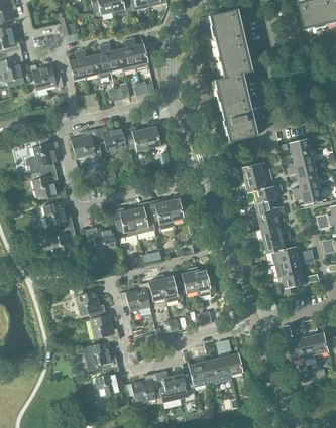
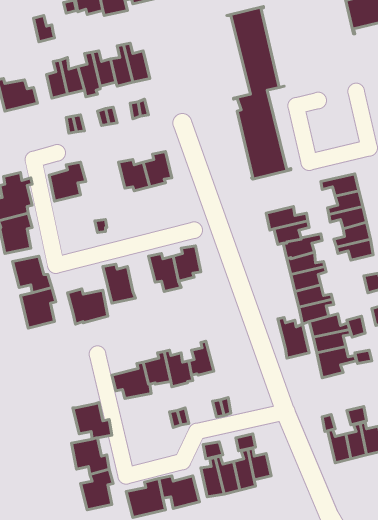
building: [95,126,126,151] -> none
building: [131,201,154,234] -> none
building: [192,266,216,297] -> [278,318,309,358]
building: [76,290,106,318] -> none

